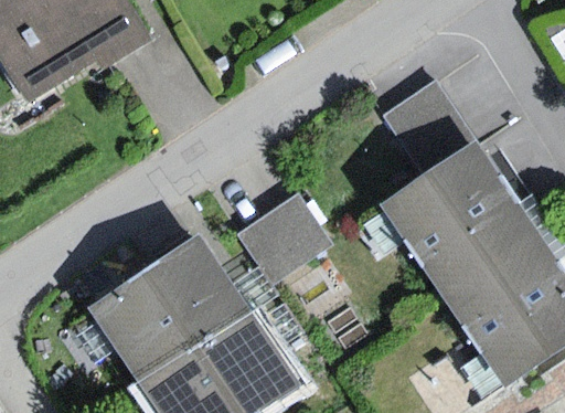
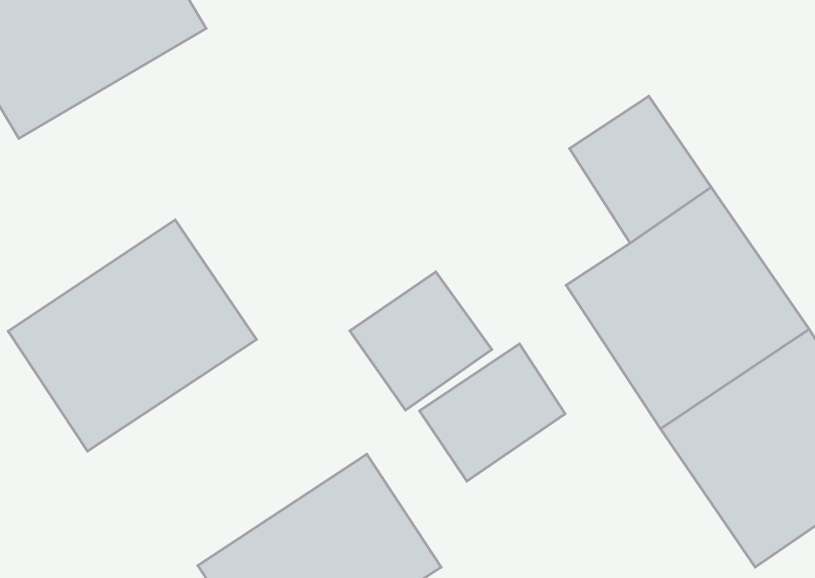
building: [88,236,250,388] -> [8,220,256,451]
building: none -> [419,344,565,481]

